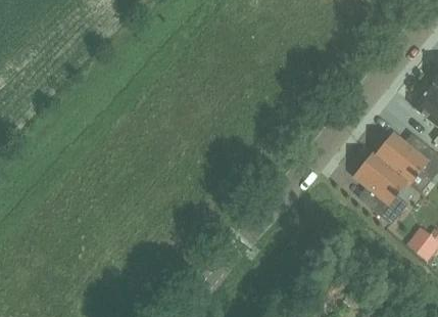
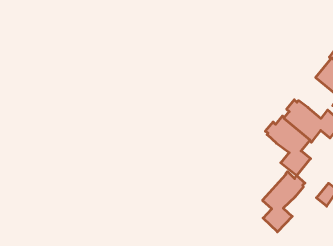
building: none -> [263,172,305,232]

